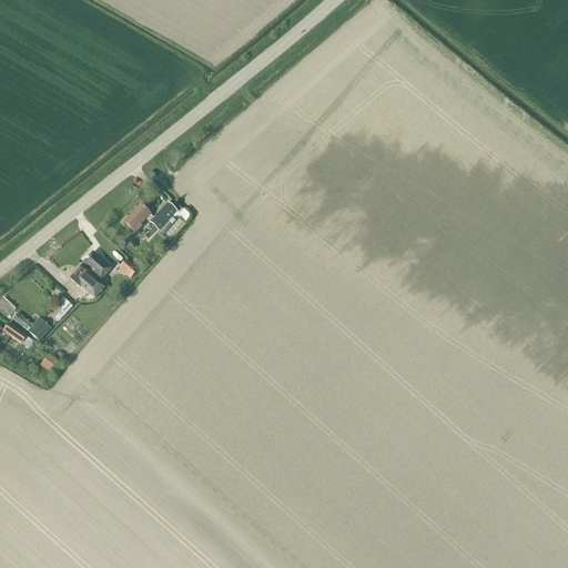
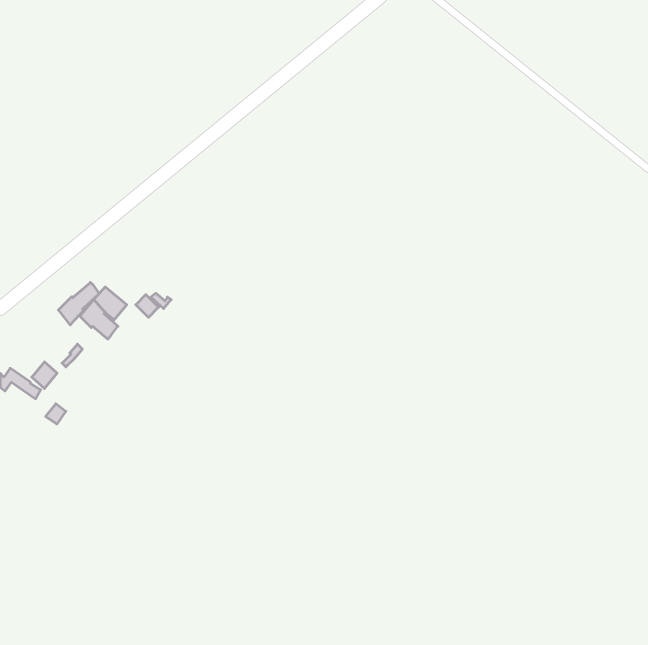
building: [123,202,178,232] -> none
building: none -> [58,282,99,325]

